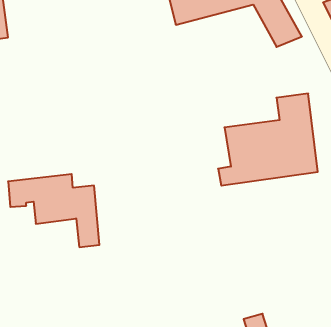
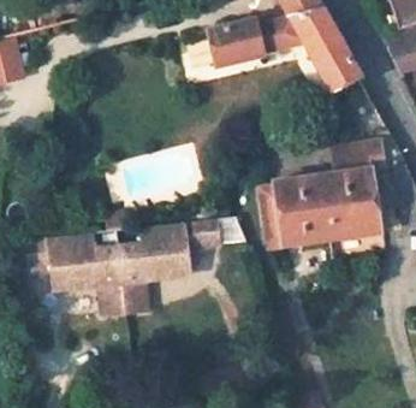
building: none -> [123,221,225,314]

